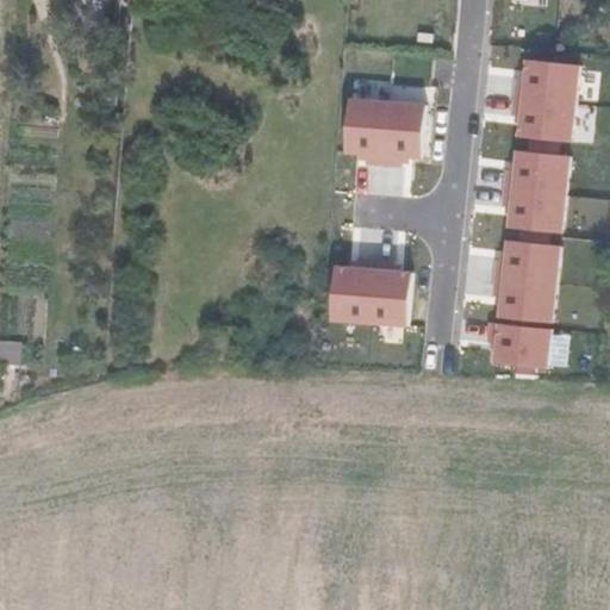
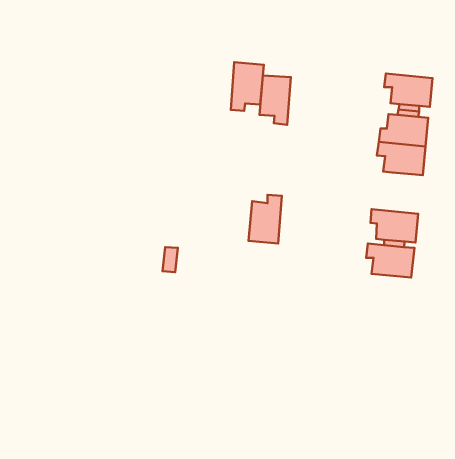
building: [512,60,578,104] -> none
building: [381,102,425,167] -> [231,62,264,111]
building: [493,241,559,284] -> none
building: [369,260,411,325] -> none

